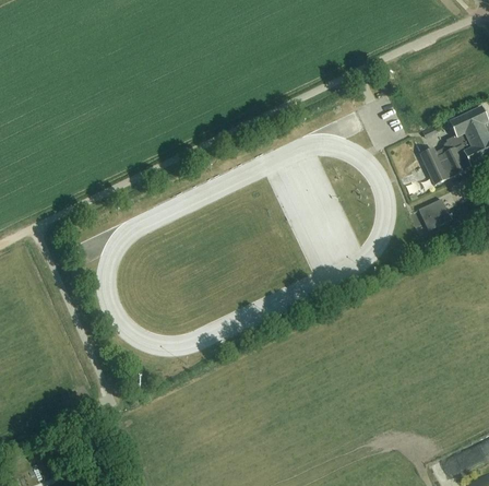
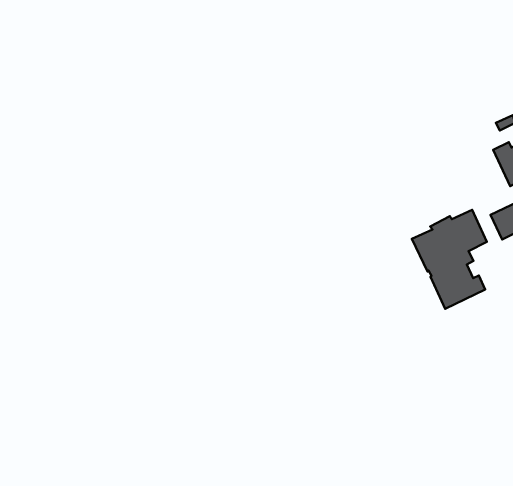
building: none -> [412,210,487,309]

